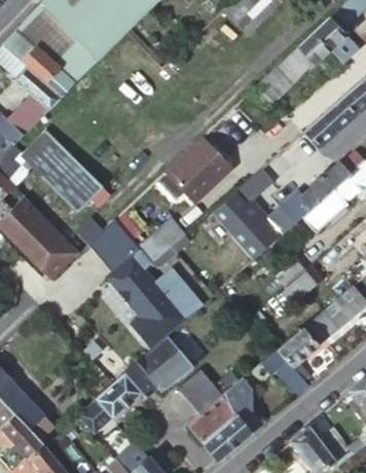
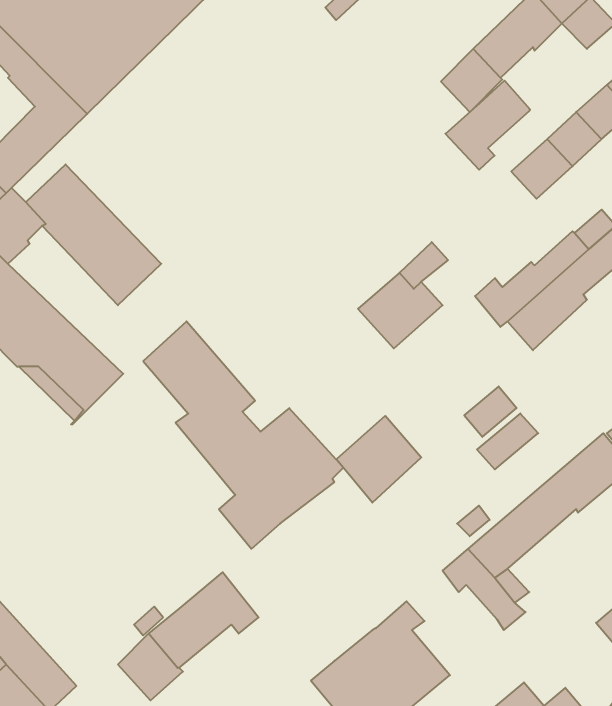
building: none -> [445,81,530,170]
building: [164,138,231,205] -> none
building: [233,211,282,260] -> [336,416,421,503]
building: [140,219,185,263] -> none
building: [136,335,194,394] -> none
building: [180,370,223,413] -> none

